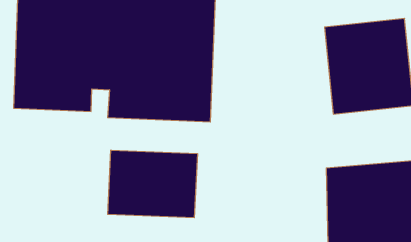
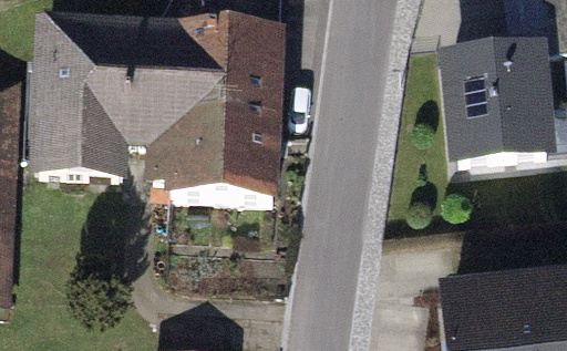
building: [108,150,197,218] -> none

